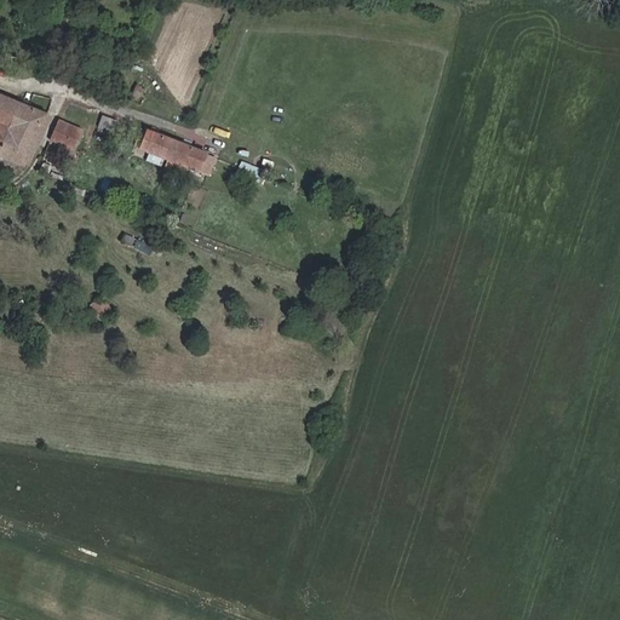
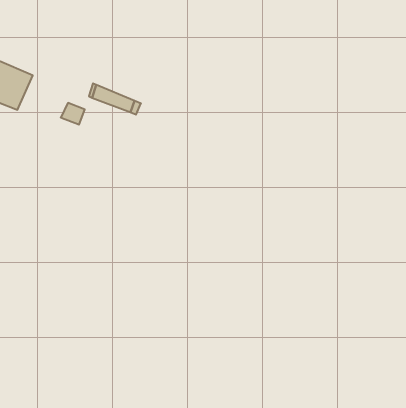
building: [47,117,84,150] -> [61,103,85,125]

